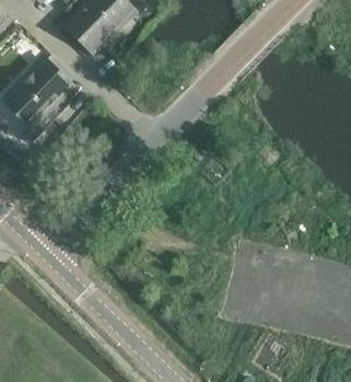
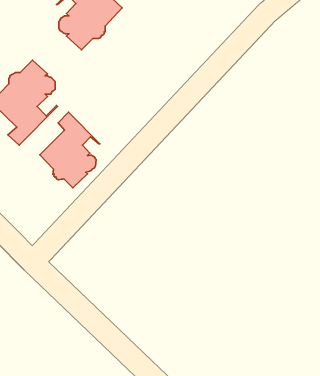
building: none -> [40,112,100,188]

